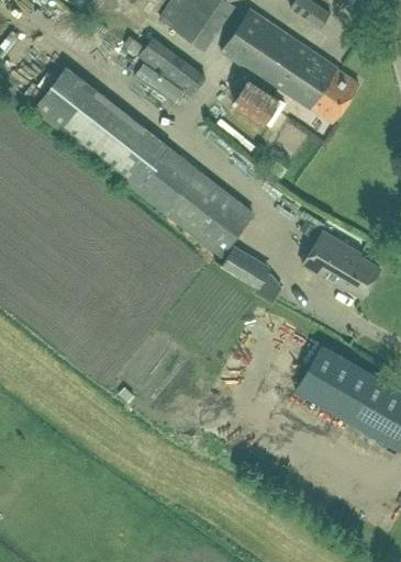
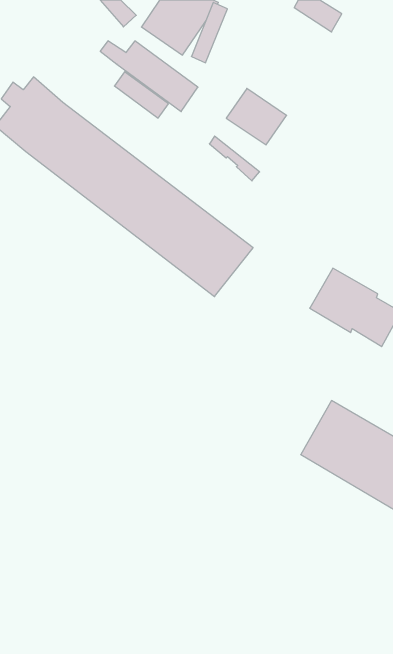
building: [220,8,358,122] -> none
building: [221,246,270,289] -> none

